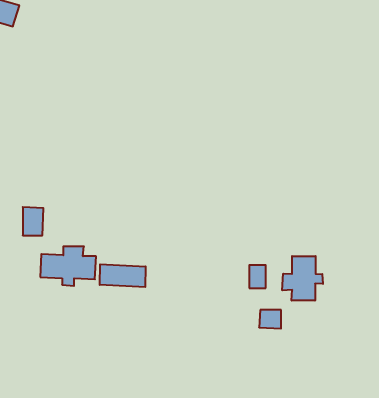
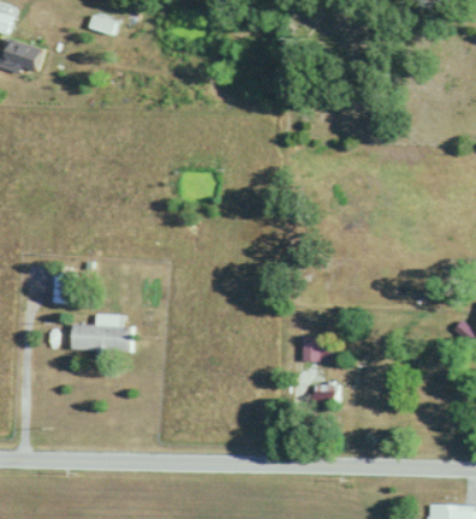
building: [282,256,323,301] -> none
building: [100,264,146,287] -> none

